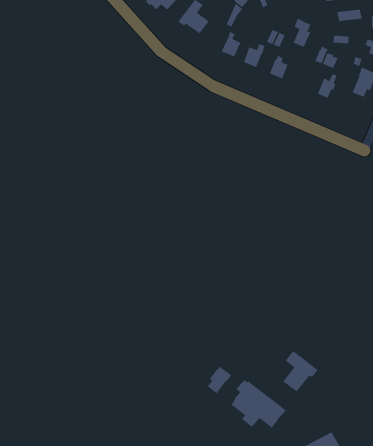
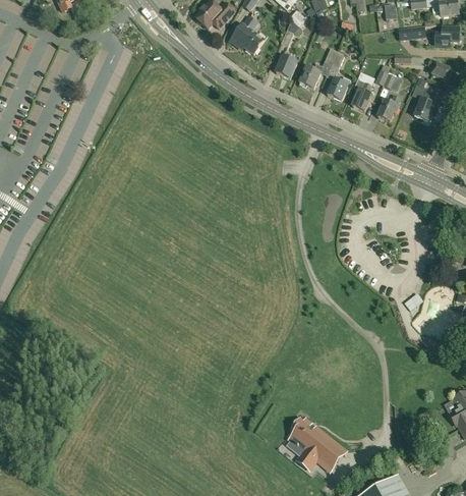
building: [293,18,311,48] -> [352,78,371,110]
building: [282,350,318,392] -> none
building: [207,366,232,394] -> none

